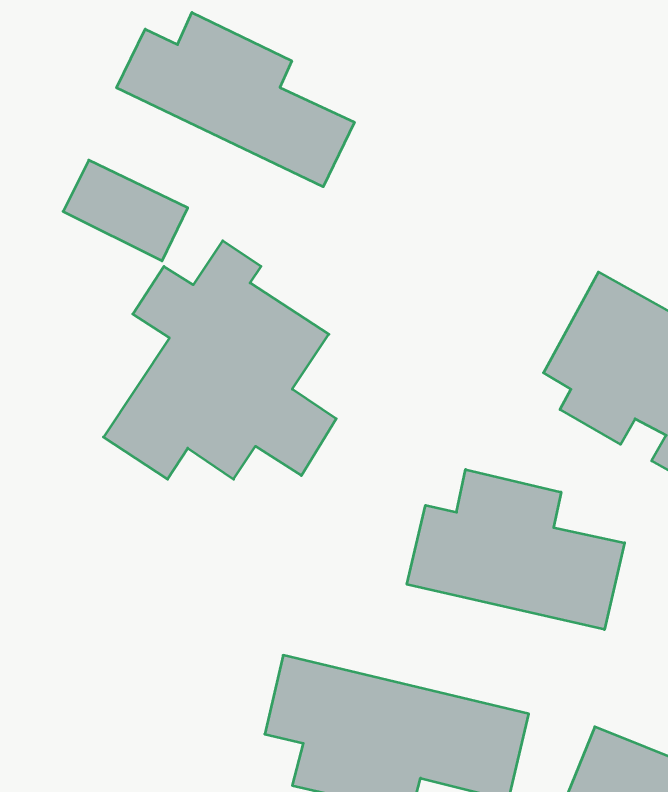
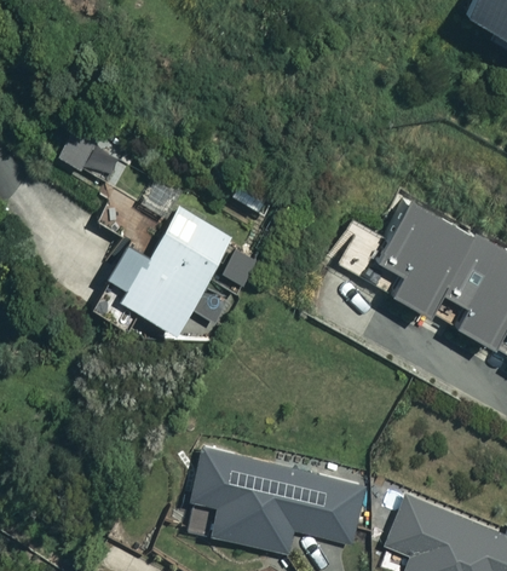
building: [117,12,354,187] -> none
building: [407,469,625,630] -> none

